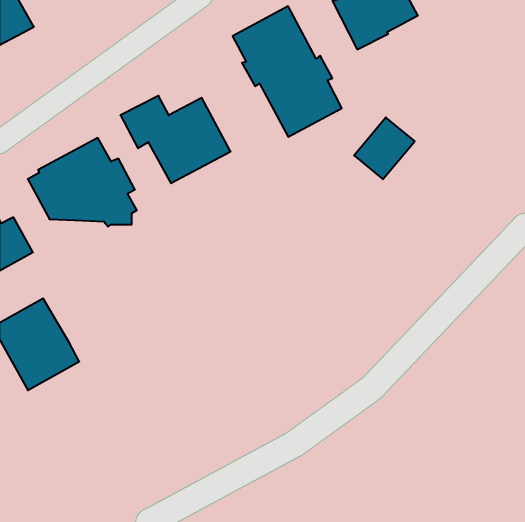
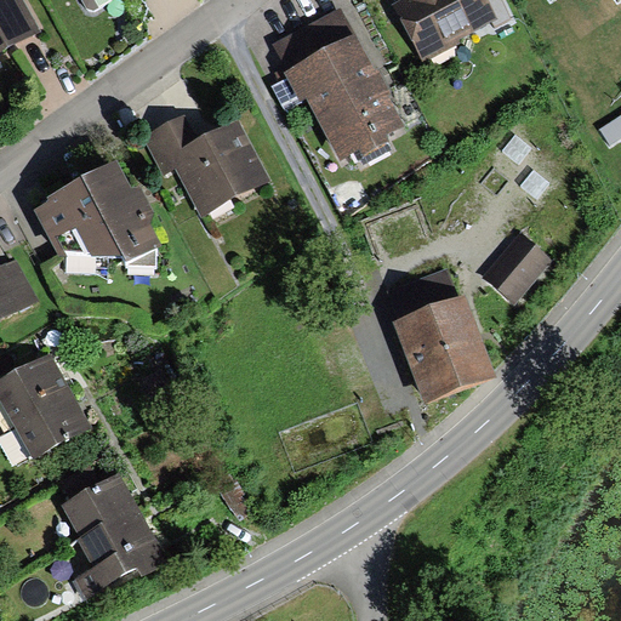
building: [354,117,415,179] -> [480,230,552,303]
building: none -> [388,267,494,403]
building: none -> [59,467,169,596]

